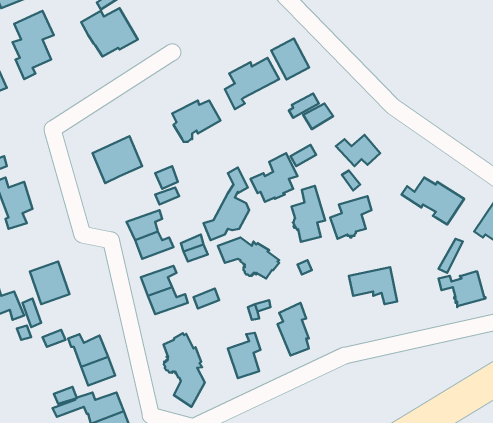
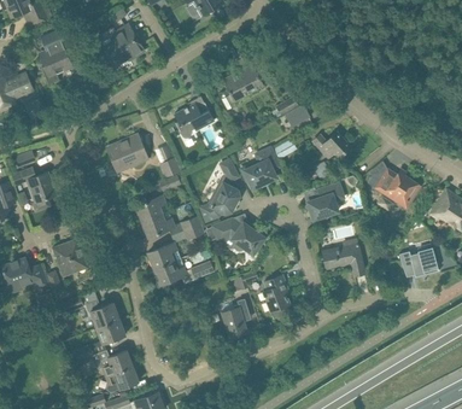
building: [271,38,309,79] -> none
building: [291,186,325,242] -> none
building: [164,333,205,407] -> none

